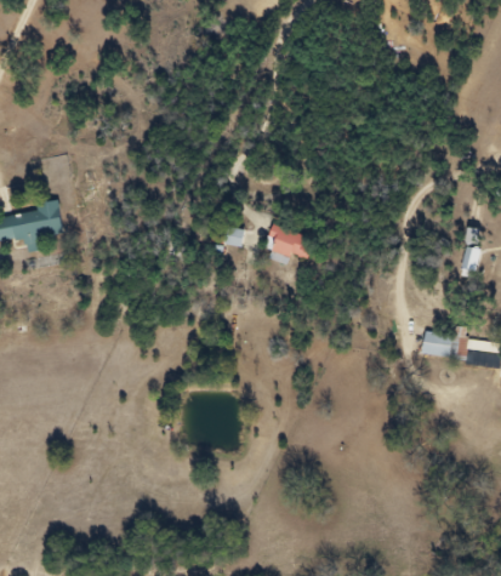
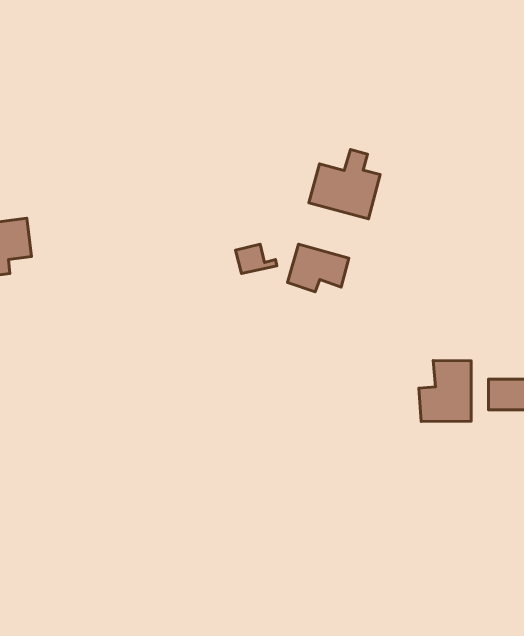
building: none -> [309,149,380,219]
building: none -> [419,361,471,421]

